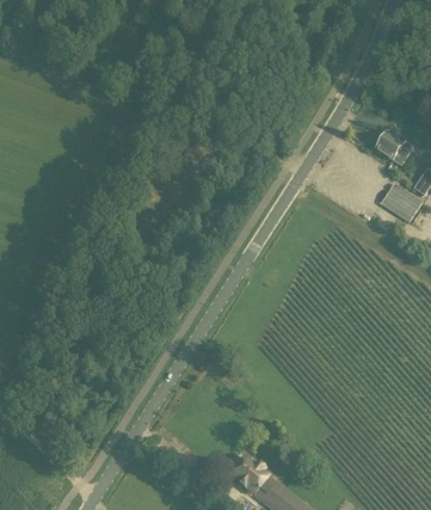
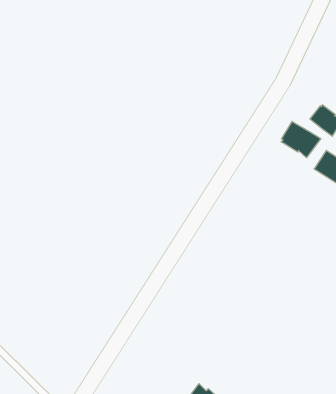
building: none -> [281,121,321,158]

